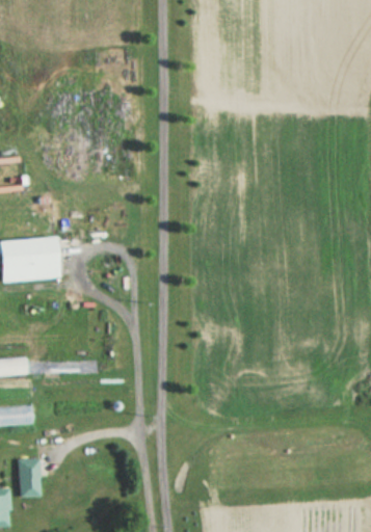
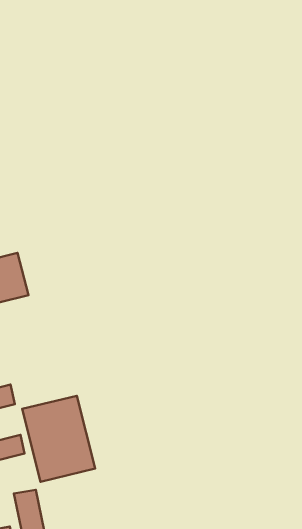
building: none -> [22,396,95,482]

